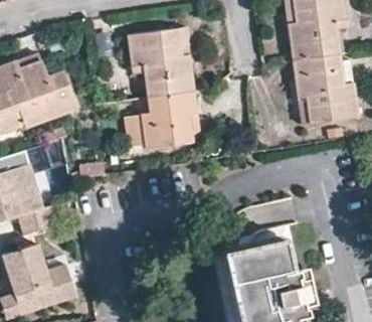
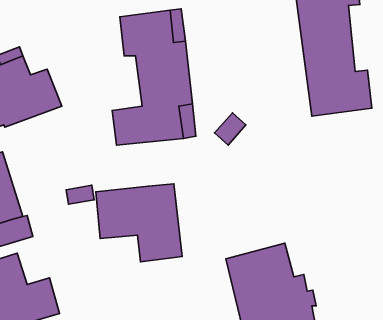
building: none -> [96,184,182,262]

